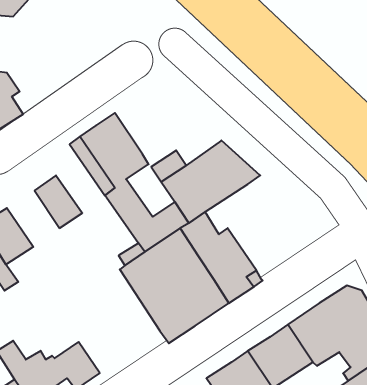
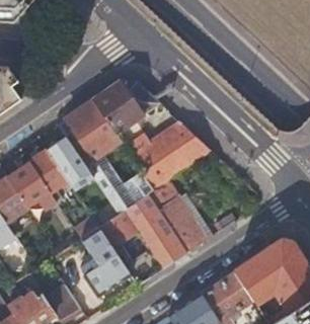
building: none -> [95,81,161,133]
building: none -> [48,137,88,189]
building: none -> [8,162,51,208]
building: none -> [81,226,132,297]

